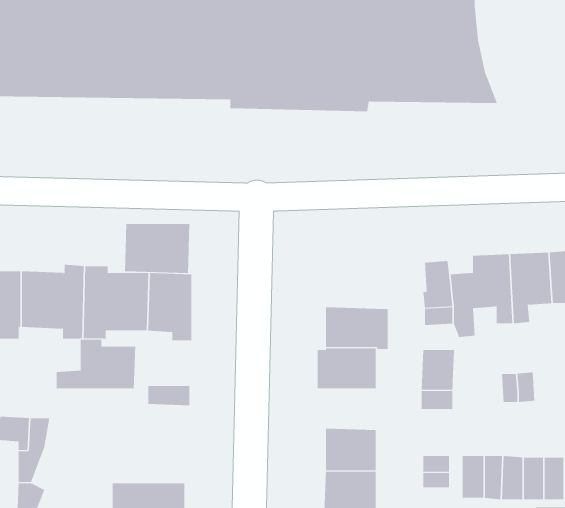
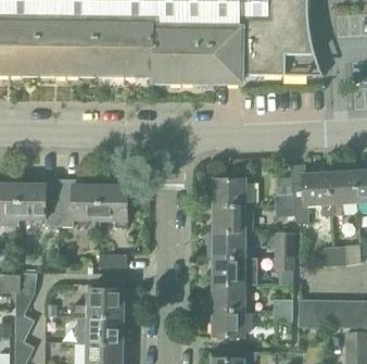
building: [124,223,190,274] -> none
building: none -> [212,179,244,206]
building: [56,339,136,389] -> [73,286,124,317]
building: none -> [212,258,256,284]

